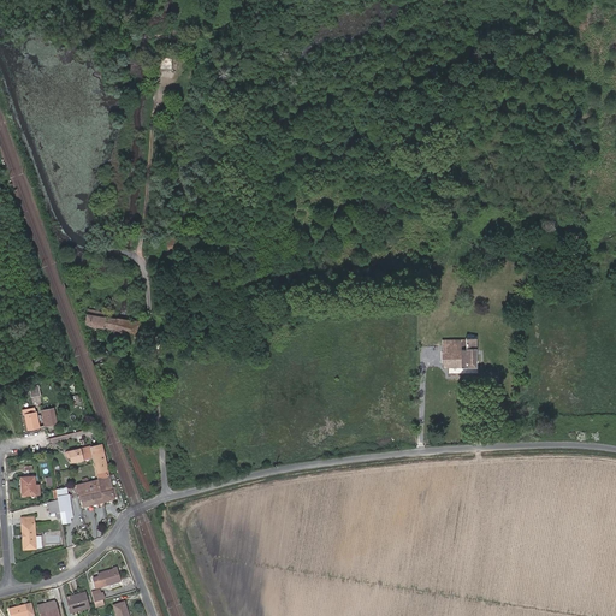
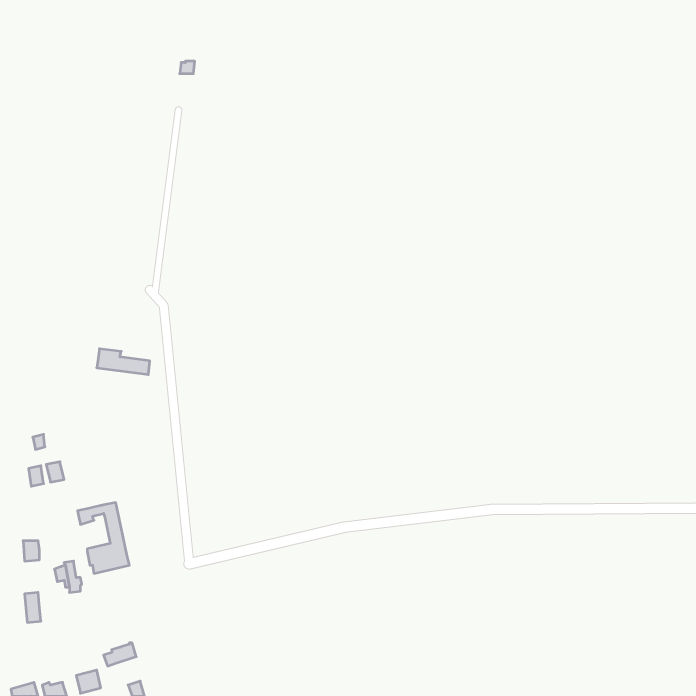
building: [440,338,475,367] -> none

